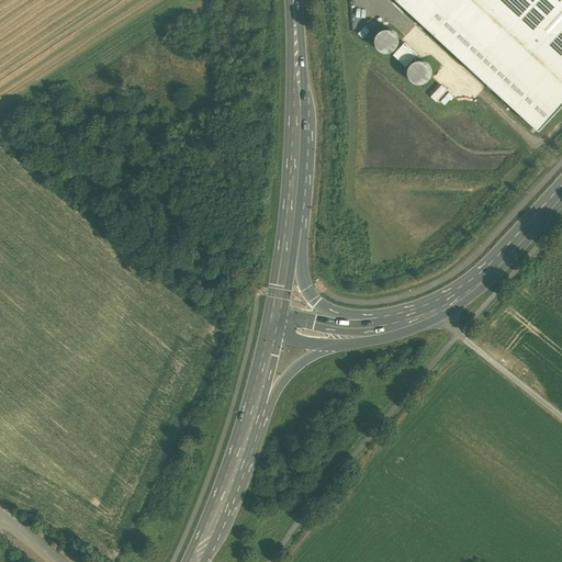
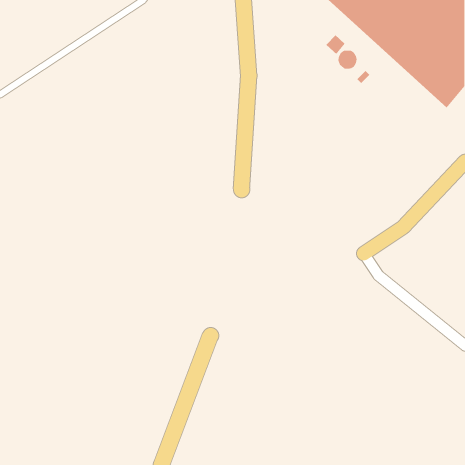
building: [373,29,397,53] -> none

